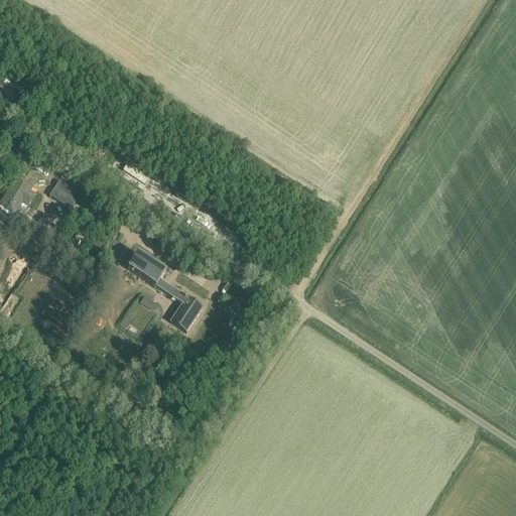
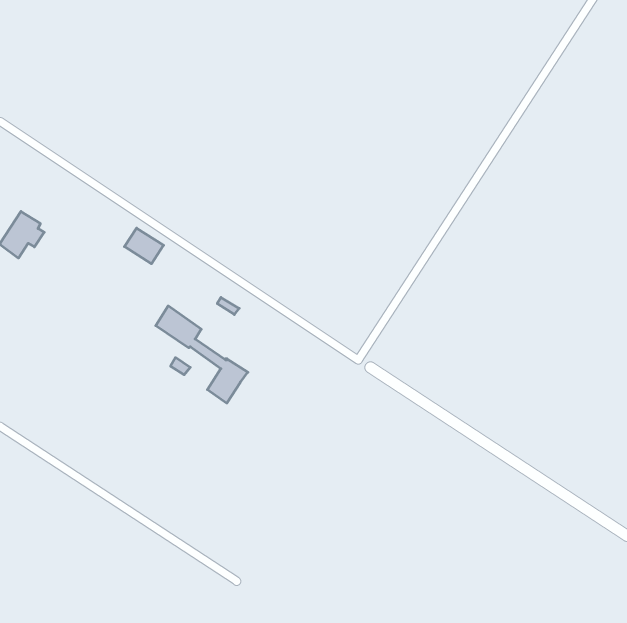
building: [49,178,82,208] -> [124,228,164,264]

